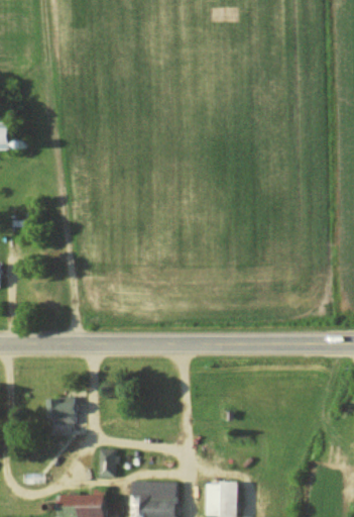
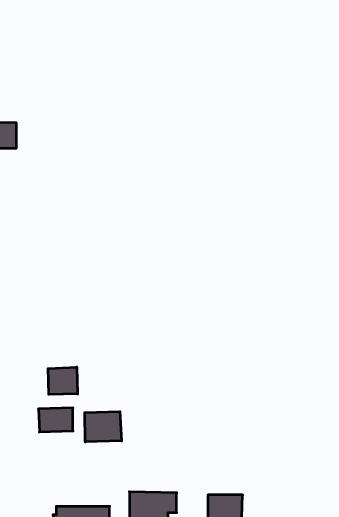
building: none -> [48,367,78,394]
building: none -> [85,412,122,442]

